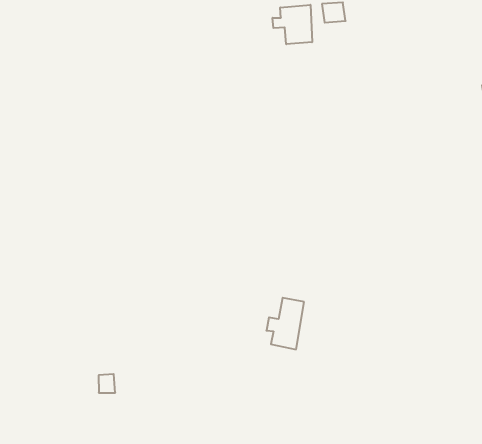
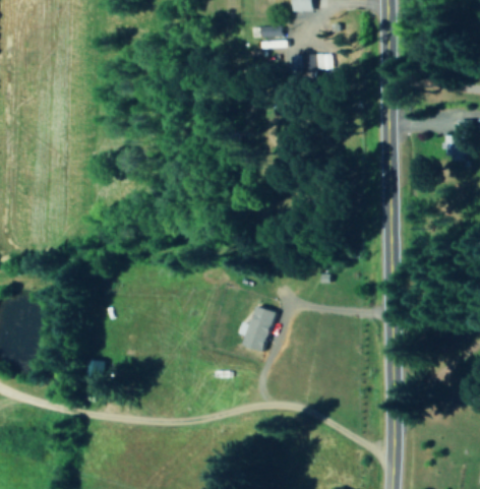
building: [273,5,312,44] -> none

